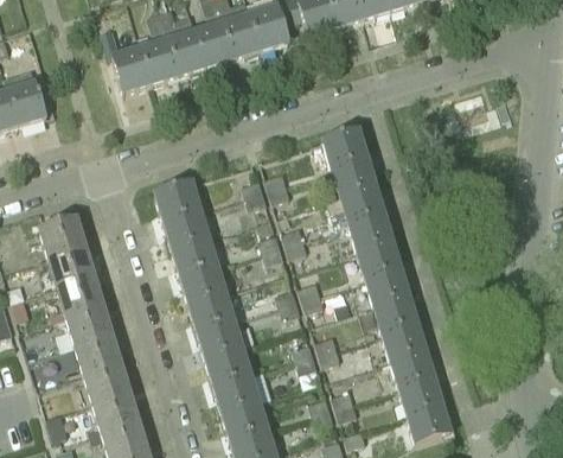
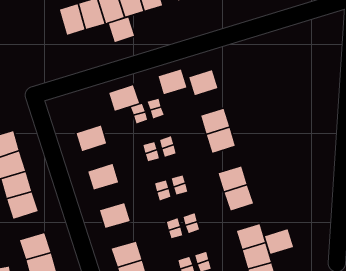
building: [111,45,151,91] -> none
building: none -> [108,16,135,43]
building: [332,158,375,196] -> [157,68,187,95]
building: [155,182,200,221] -> [108,84,140,112]
building: [172,236,217,275] -> none
building: [357,240,399,278] -> none
building: [188,288,244,330] -> none
building: [383,322,426,360] -> [264,228,294,255]
building: [75,332,120,373] -> none
building: [205,346,250,384] -> none

